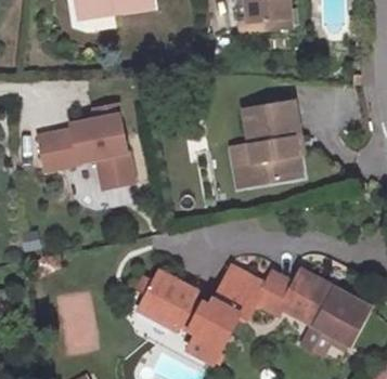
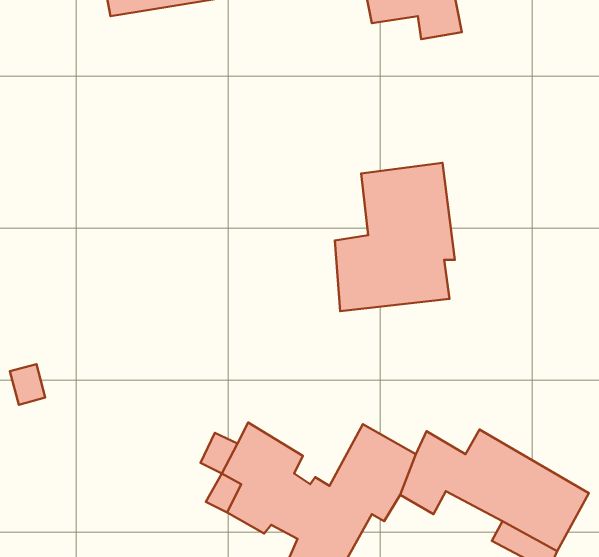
building: [33,105,128,190] -> none

